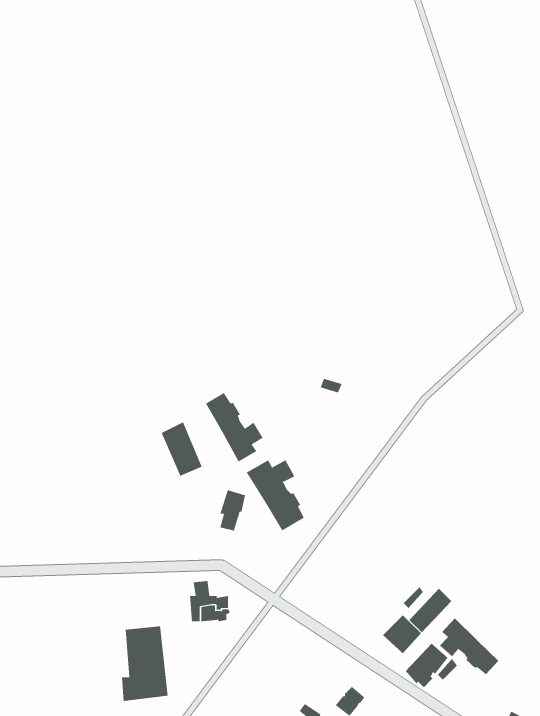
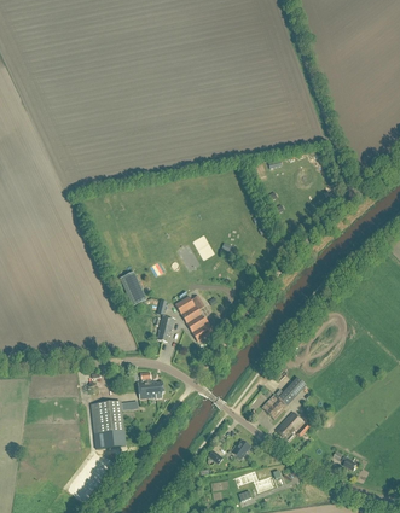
building: [205,392,263,463] -> none
building: [439,618,499,675] -> none

